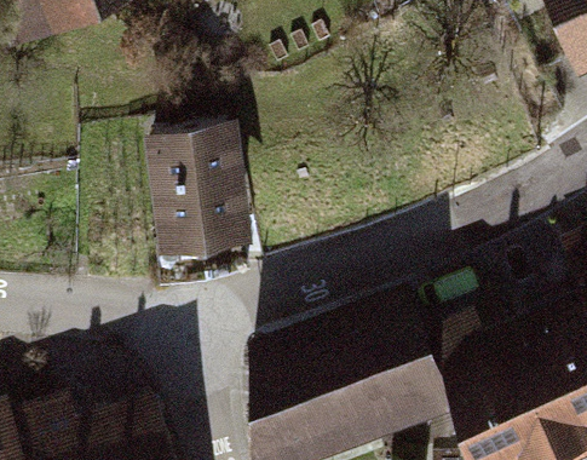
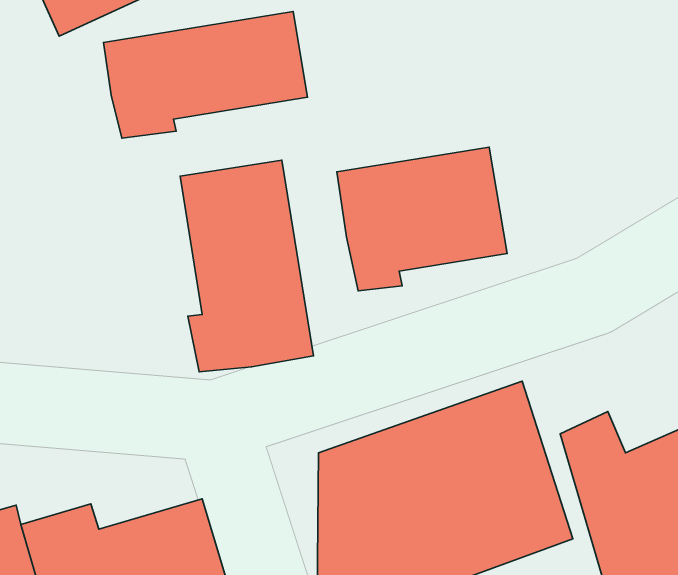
building: none -> [104,12,308,138]
building: none -> [337,147,507,291]

